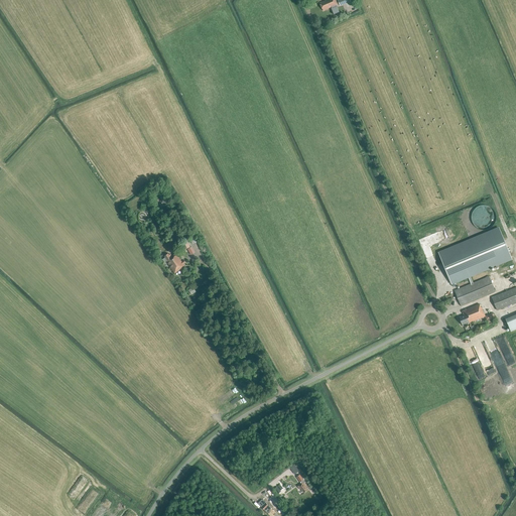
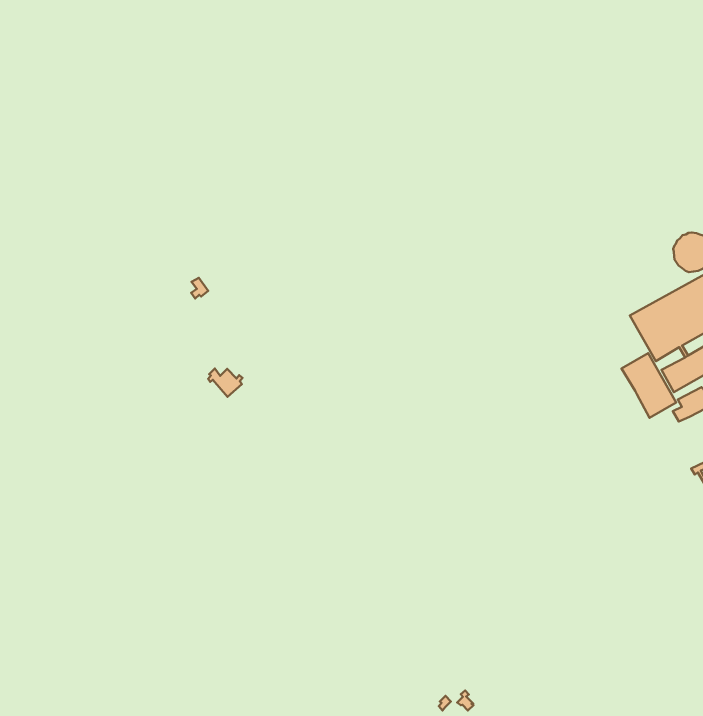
building: none -> [621,353,676,418]

